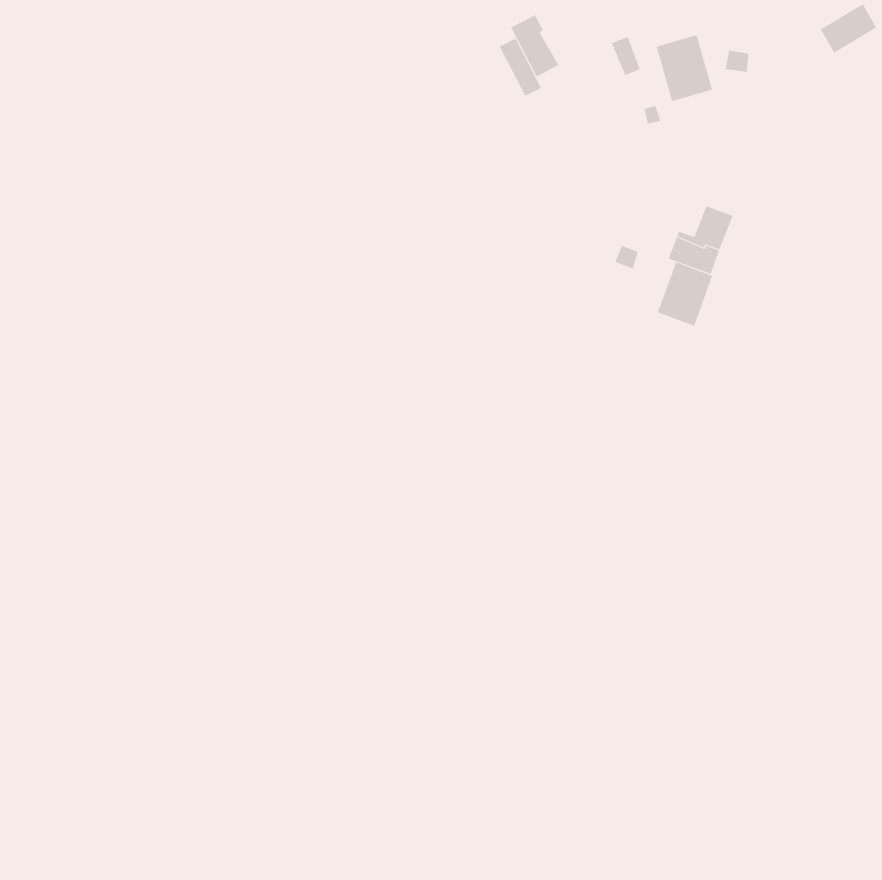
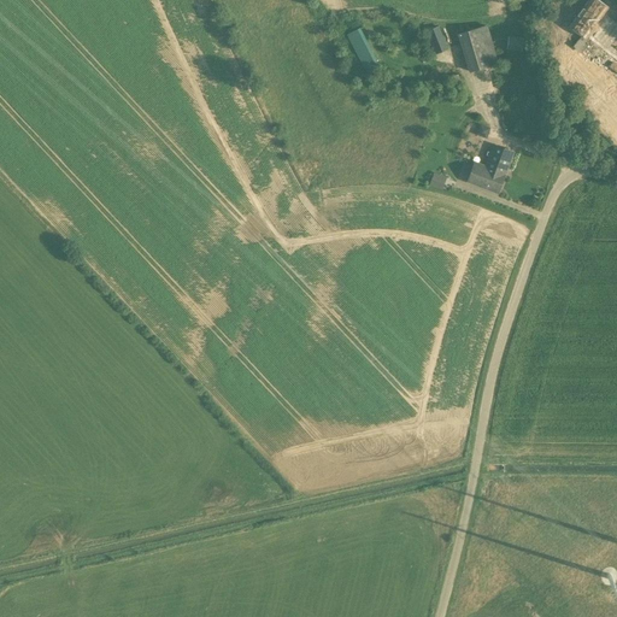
building: [510,14,559,77] -> none
building: [657,262,713,327] -> none

